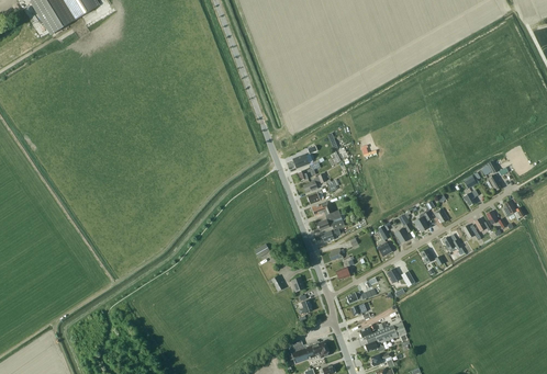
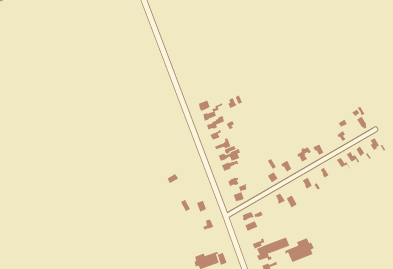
building: none -> [284,238,314,263]

